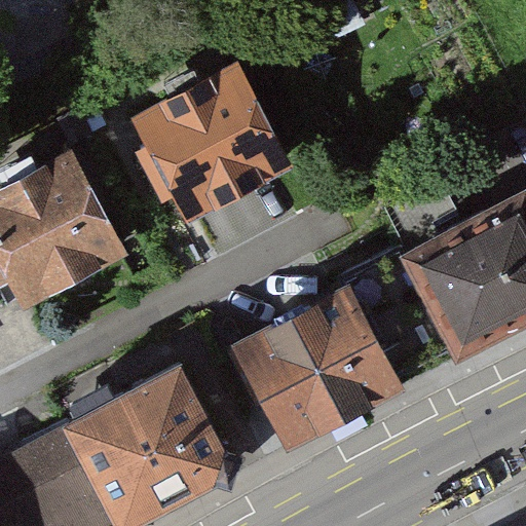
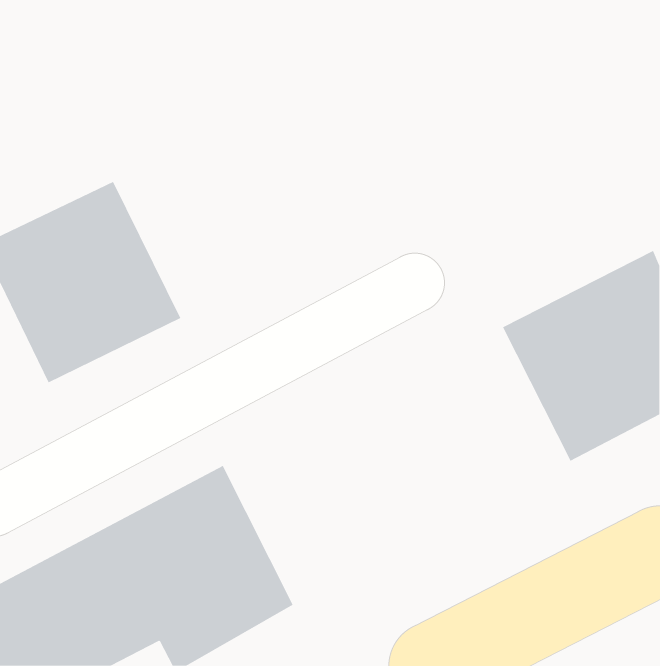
building: [150,58,306,213] -> none
building: [223,287,398,453] -> none

